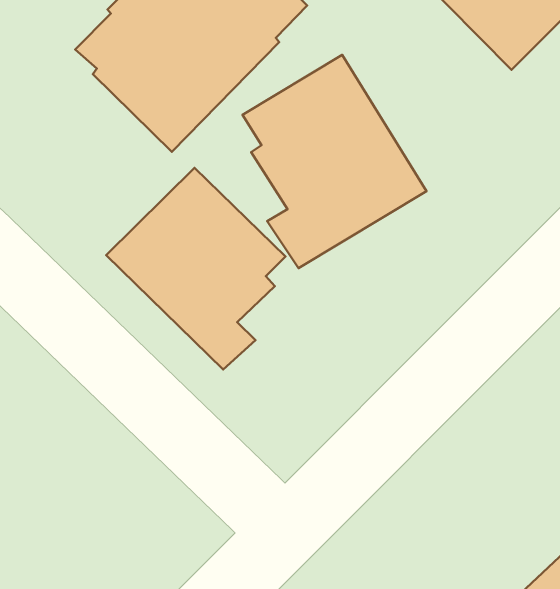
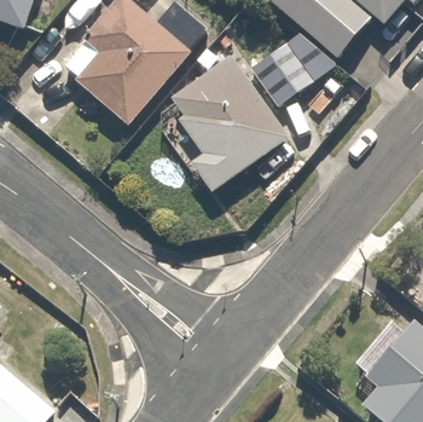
building: none -> [250,31,332,105]
building: [106,168,286,369] -> none

